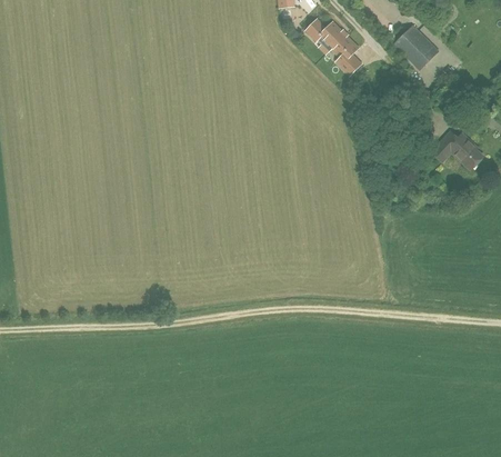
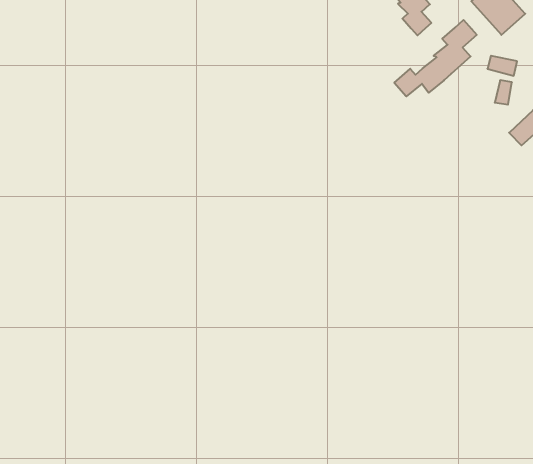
building: none -> [394,20,477,96]

